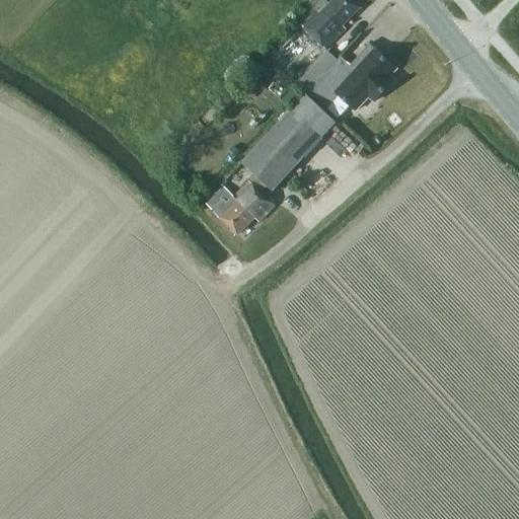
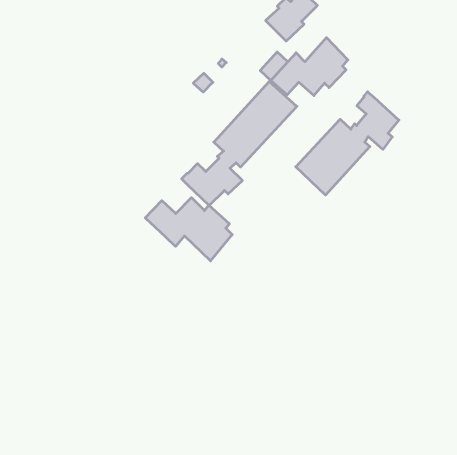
building: none -> [296,92,399,195]
building: none -> [145,198,232,261]

